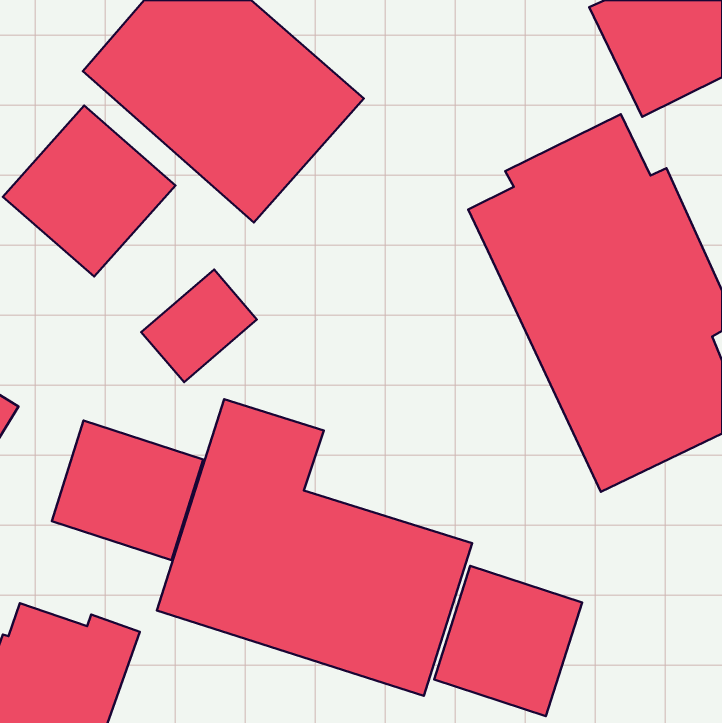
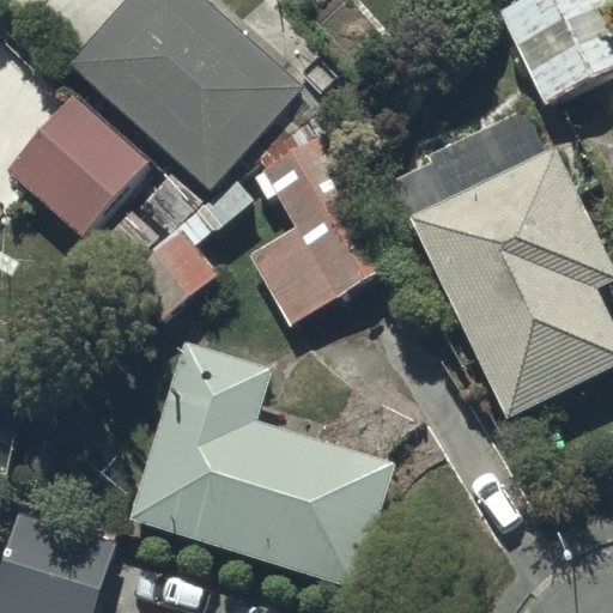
building: none -> [244,136,394,327]
building: [52,421,203,560] -> none
building: [434,566,582,716] -> none

